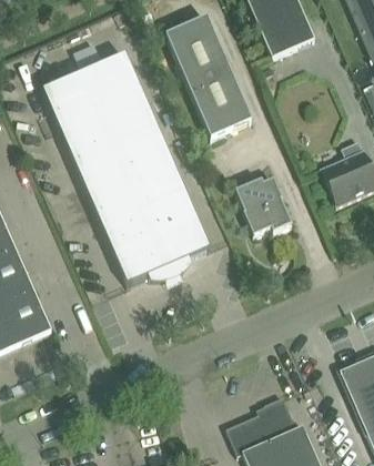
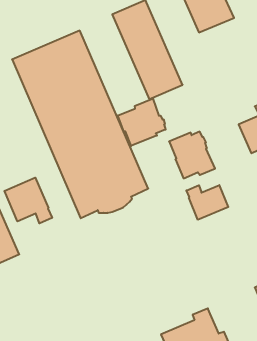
building: none -> [118,98,166,146]
building: none -> [4,178,52,223]
building: none -> [186,185,228,220]

